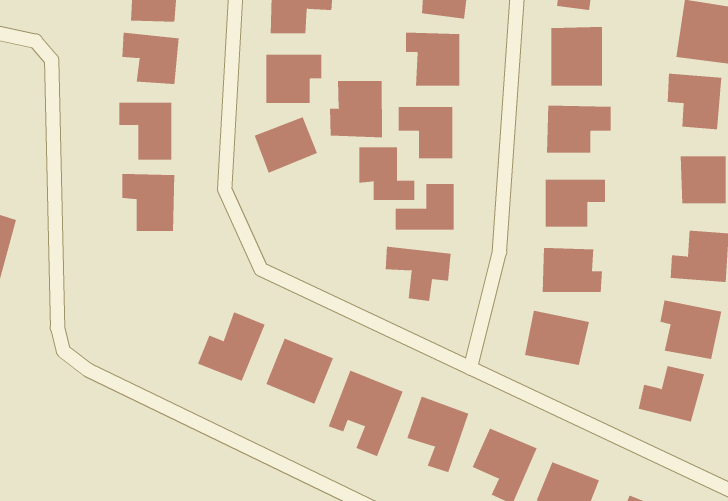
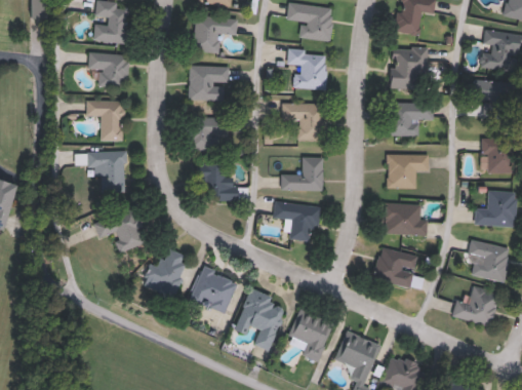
building: [329,80,382,138] -> none
building: [358,147,415,201] -> [198,163,238,201]
building: none -> [93,208,147,251]

